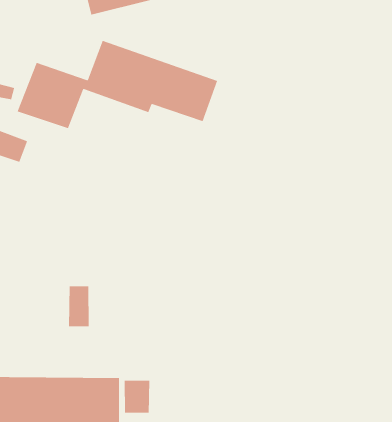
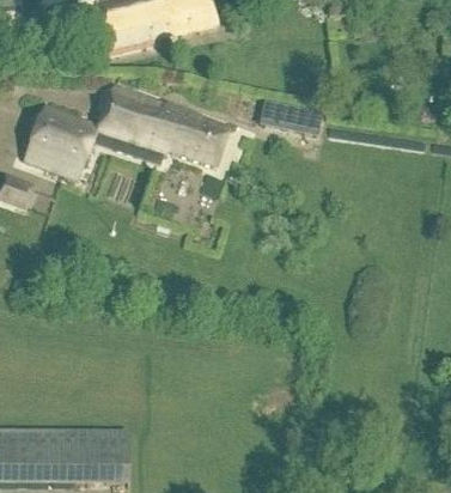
building: [68,285,89,327] -> none
building: [124,380,150,414] -> none

